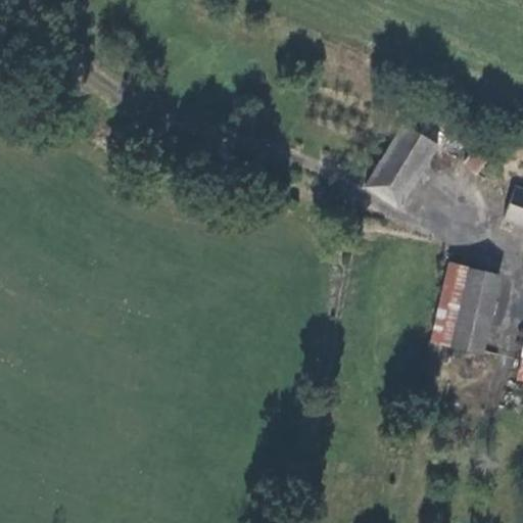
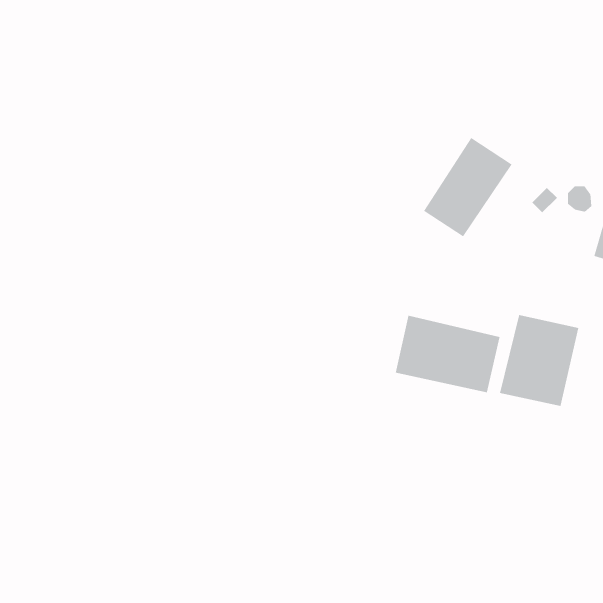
building: none -> [395,315,500,393]

